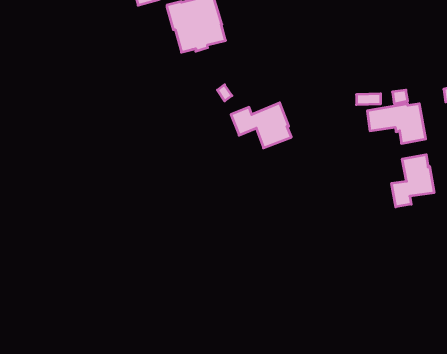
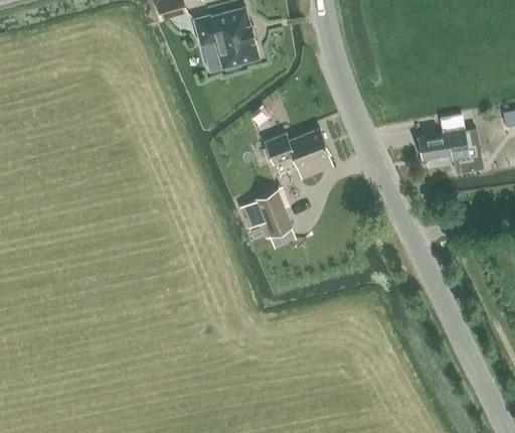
building: [392,155,434,207] -> none
building: none -> [239,191,291,239]

